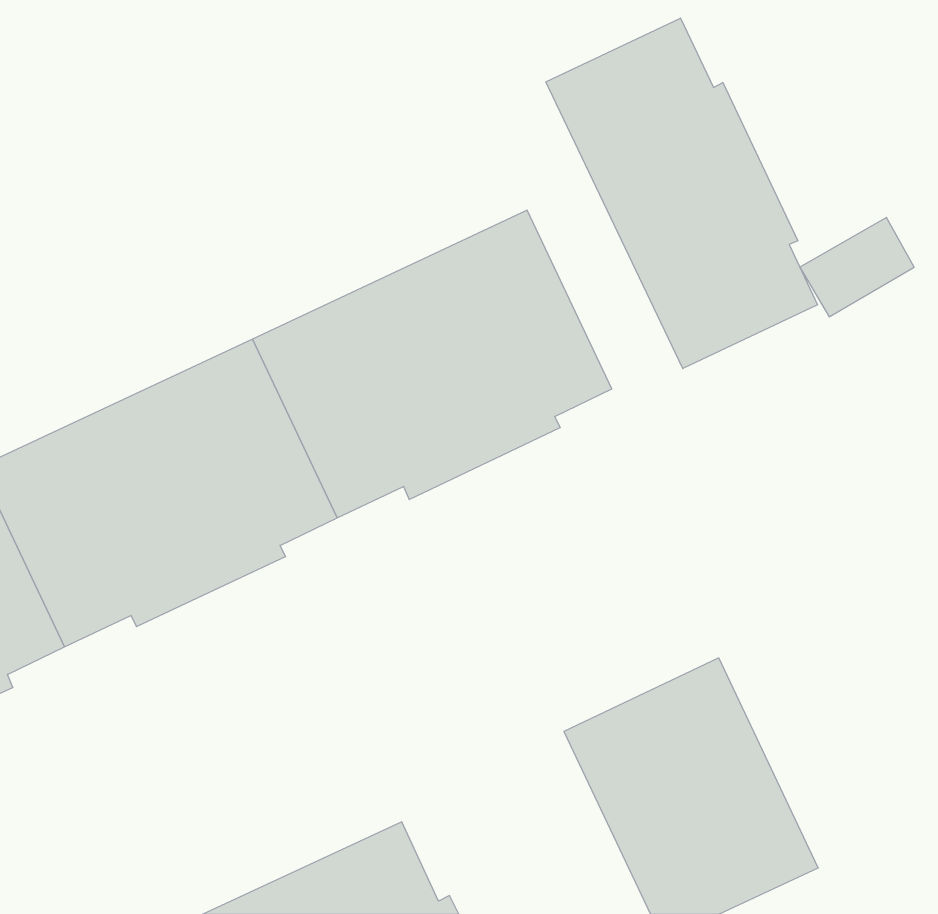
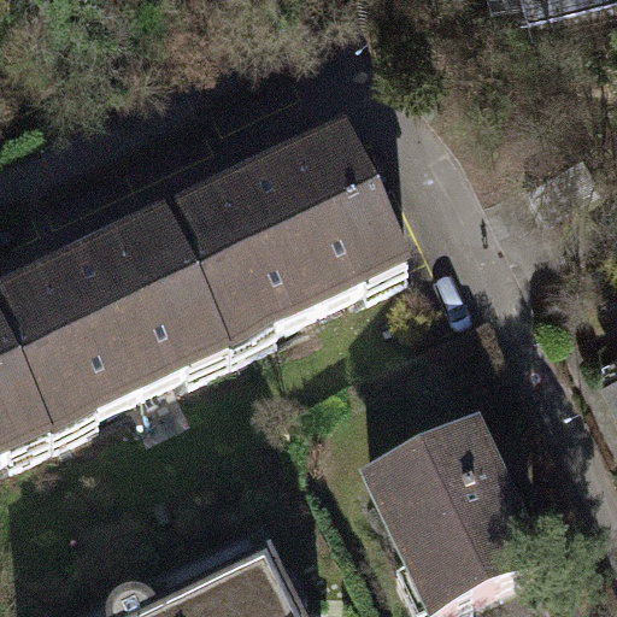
building: [546,18,817,369] -> none

